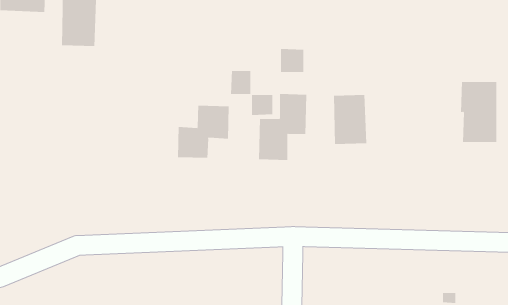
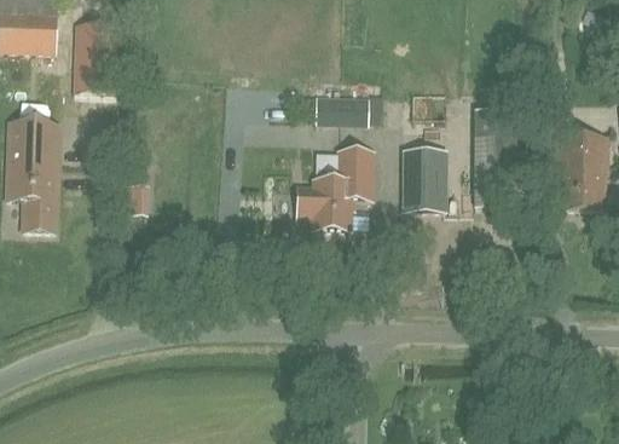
building: [230,71,251,94] -> [314,94,340,123]
building: none -> [6,125,57,230]
building: [178,105,229,159] -> none

